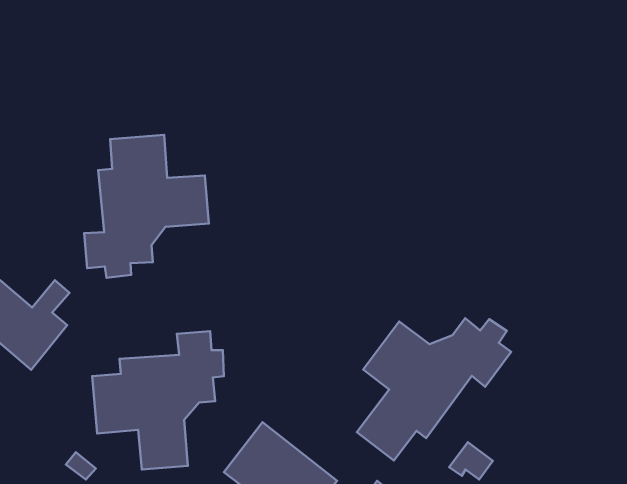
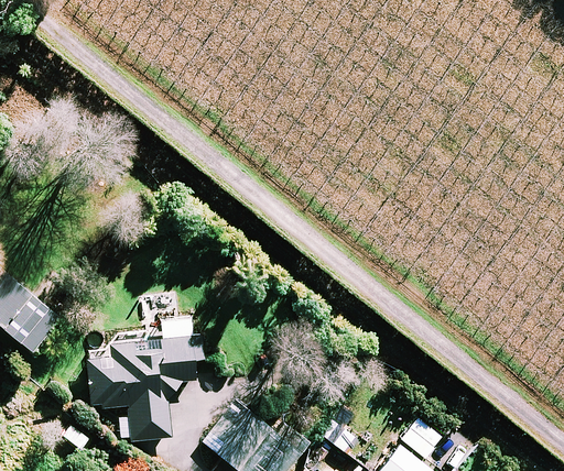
building: [84,135,209,278] -> none
building: [357,318,511,461] -> none

